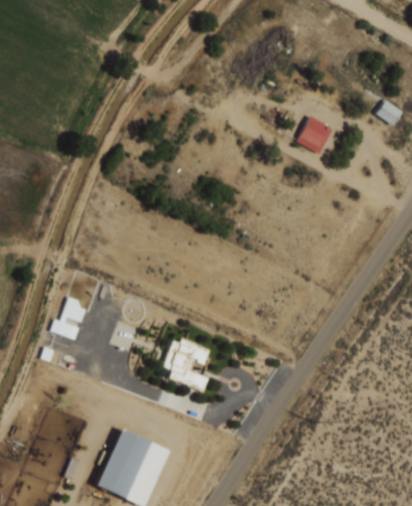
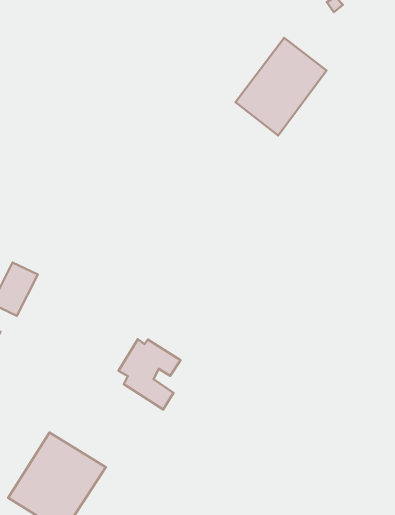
building: none -> [235,38,327,136]
building: [298,116,335,153] -> none

